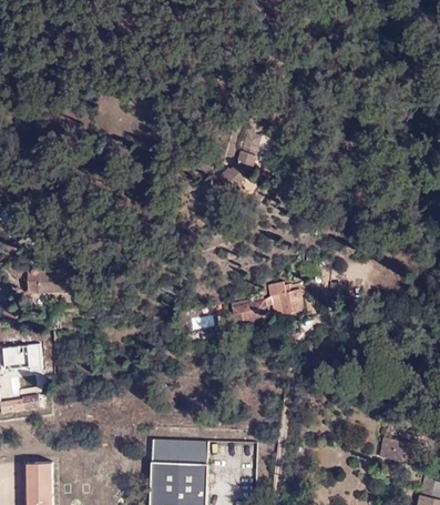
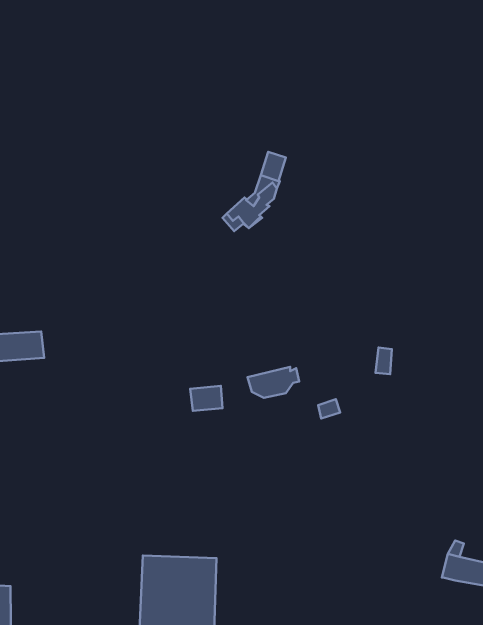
building: [267,283,304,317] -> none

